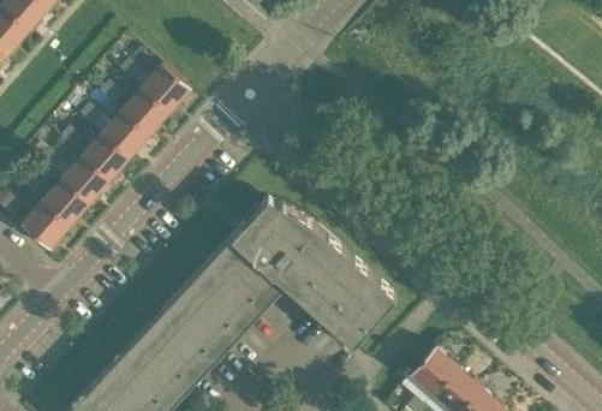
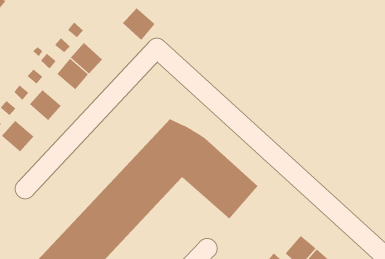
building: [142,65,190,113] -> [122,8,155,41]
building: [82,133,130,180] -> none
building: [42,178,90,225] -> none
building: [410,347,457,394] -> none

